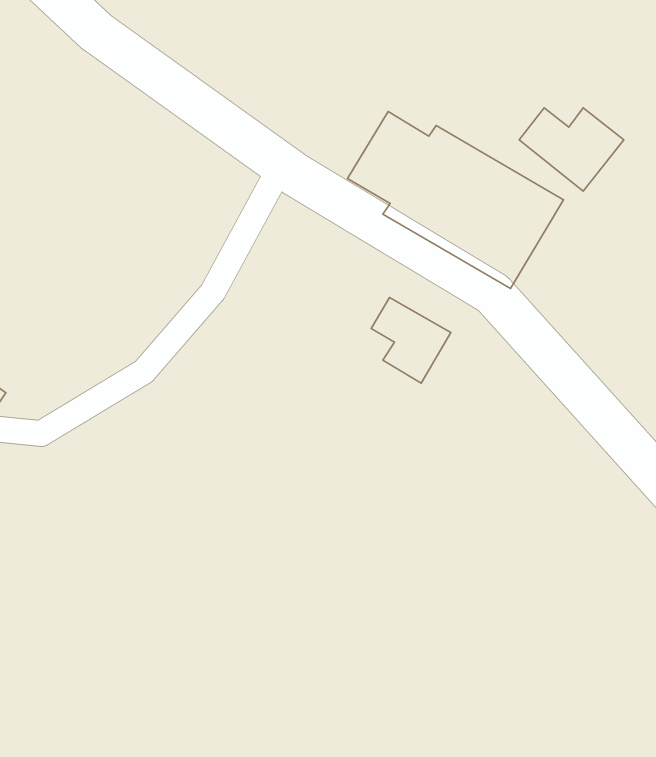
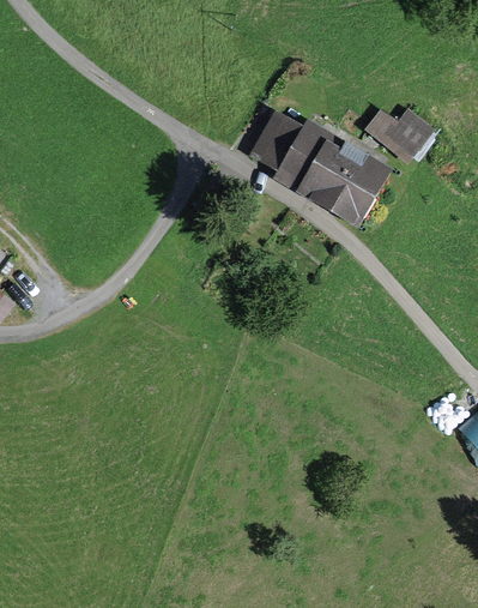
building: [371,297,451,383] -> none

